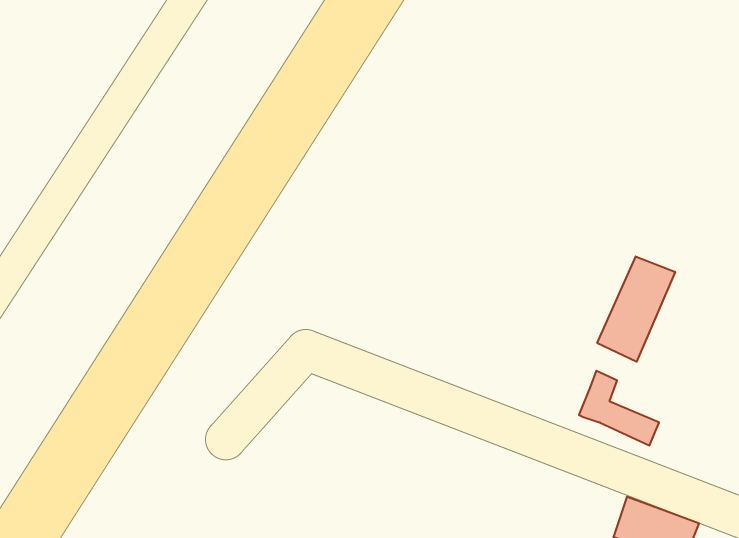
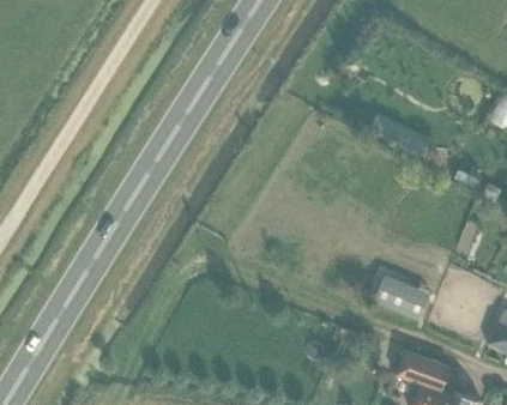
building: [597,256,675,362] -> none

